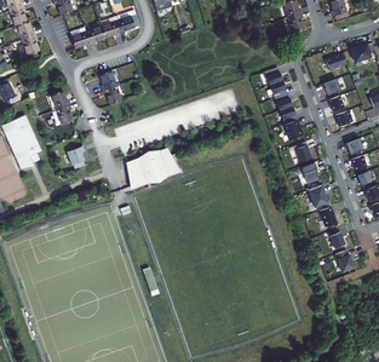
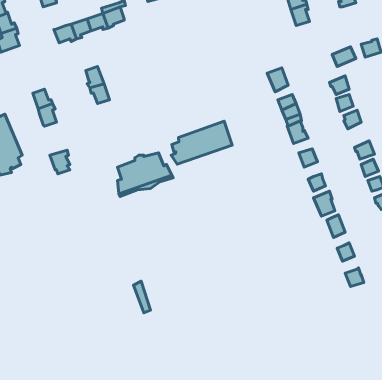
building: none -> [171,121,232,164]

